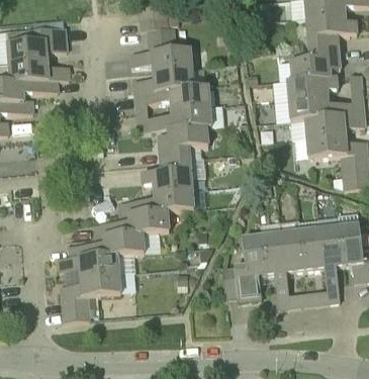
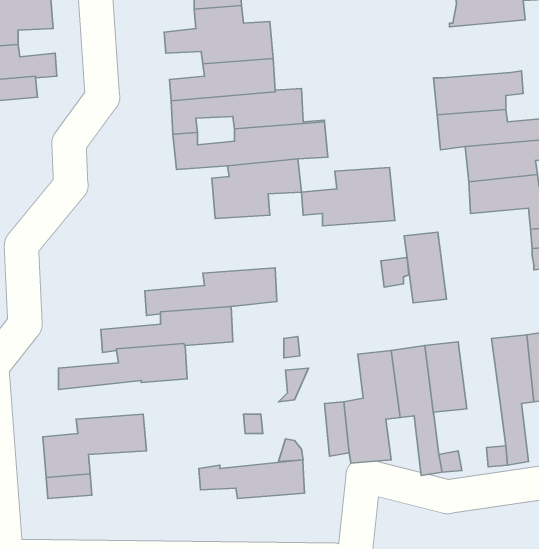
building: [288,46,340,80] -> none
building: [141,159,194,192] -> [301,168,395,226]
building: [299,229,324,270] -> [404,232,447,303]
building: [58,254,118,276] -> [199,460,304,499]

